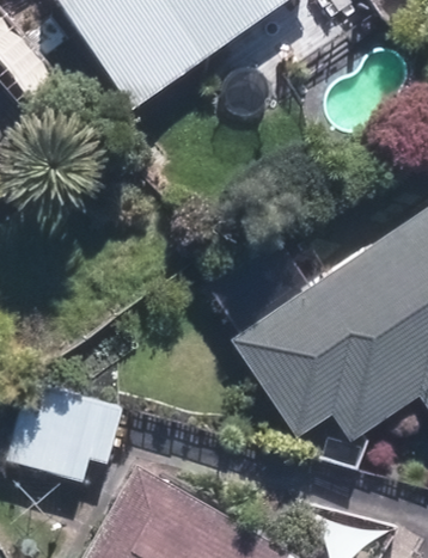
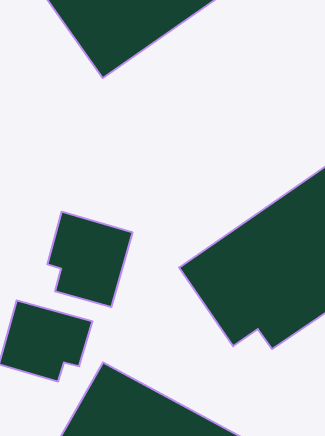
building: none -> [47,212,132,307]

